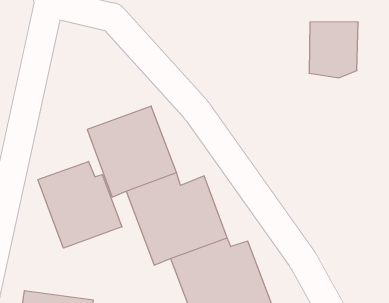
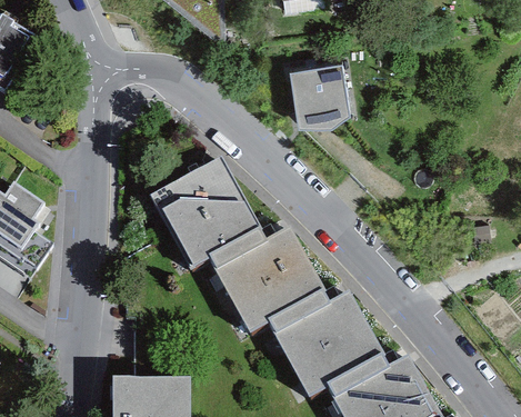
building: [309,22,358,78] -> [288,63,348,128]
building: [38,161,122,248] -> none

